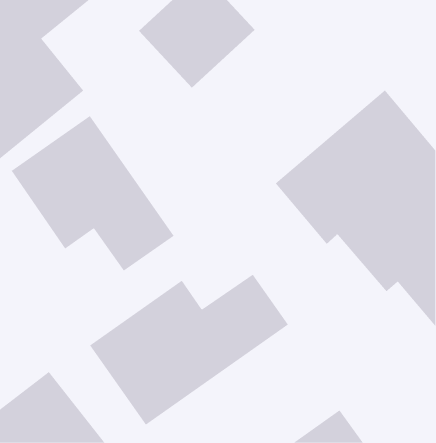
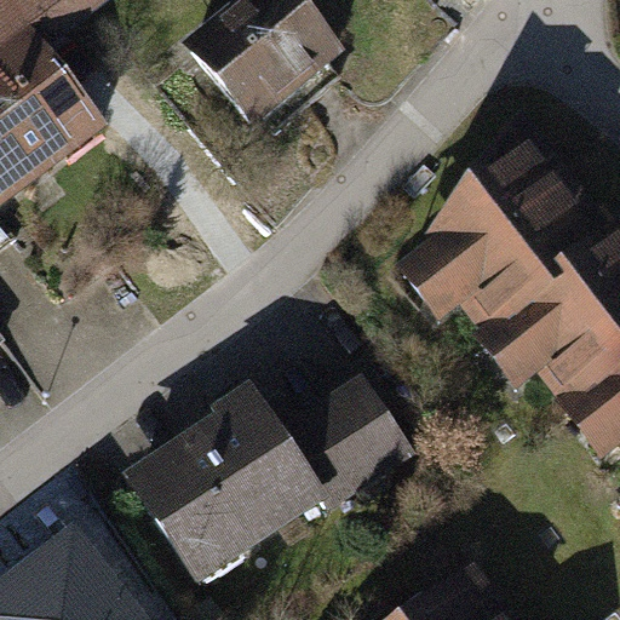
building: [11,115,175,272] -> none

